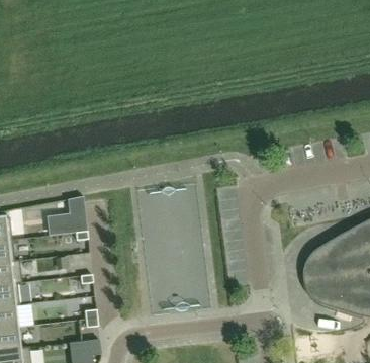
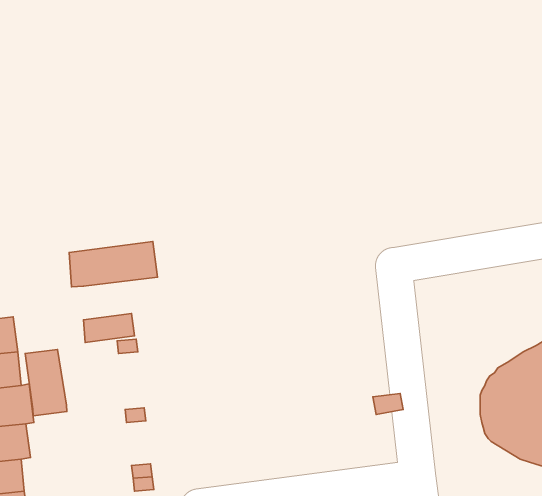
building: none -> [69,242,158,287]
building: none -> [25,350,67,416]

